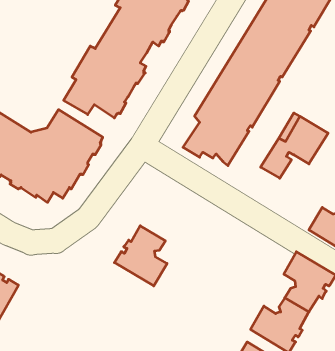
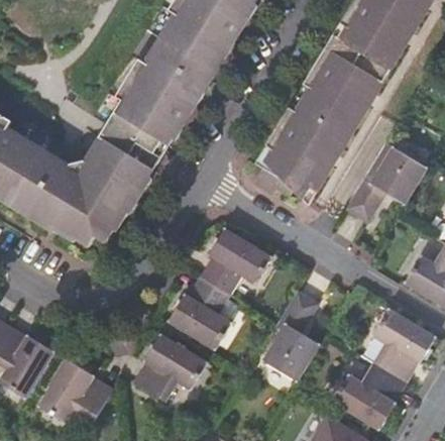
building: none -> [200,229,271,296]
building: none -> [262,290,320,380]
building: none -> [136,334,208,401]
building: none -> [37,357,110,421]

